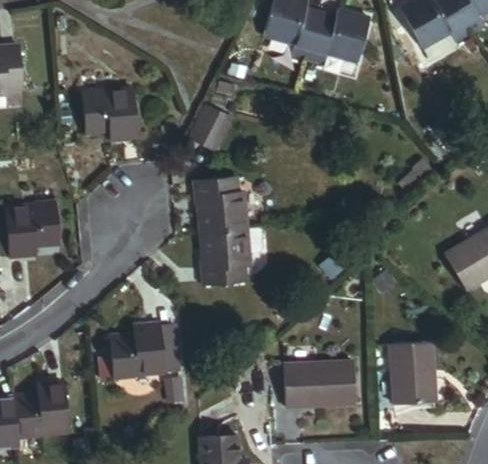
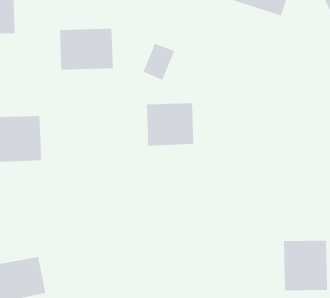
building: [202,228,265,286] -> none
building: [106,323,173,383] -> none
building: [275,356,354,405] -> none

